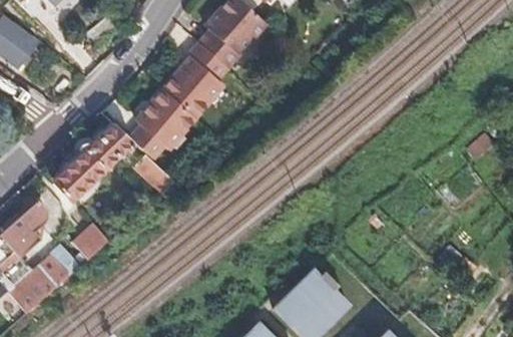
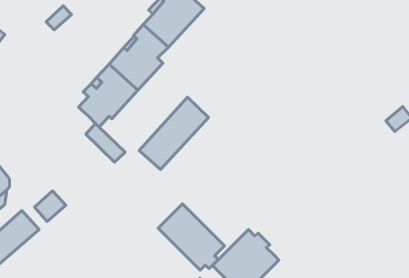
building: none -> [139,97,209,169]
building: [56,123,135,199] -> none
building: none -> [158,204,225,270]

